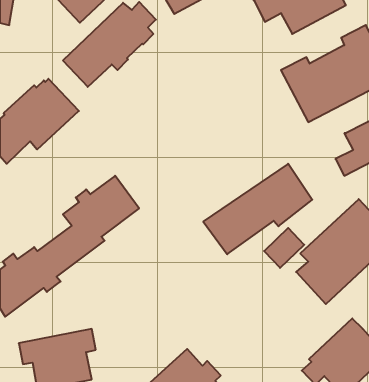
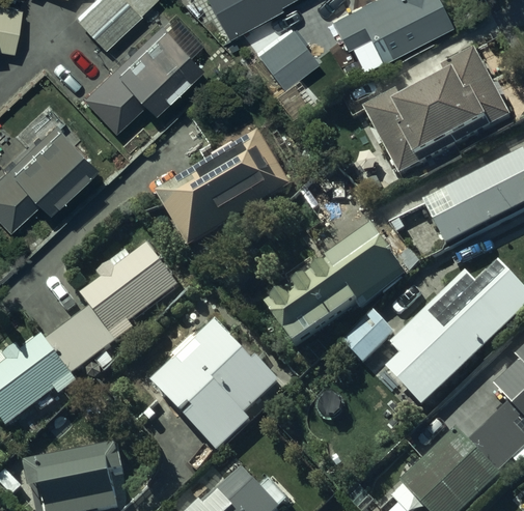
building: none -> [254,23,318,85]
building: none -> [155,119,289,245]
building: none -> [150,317,279,451]

